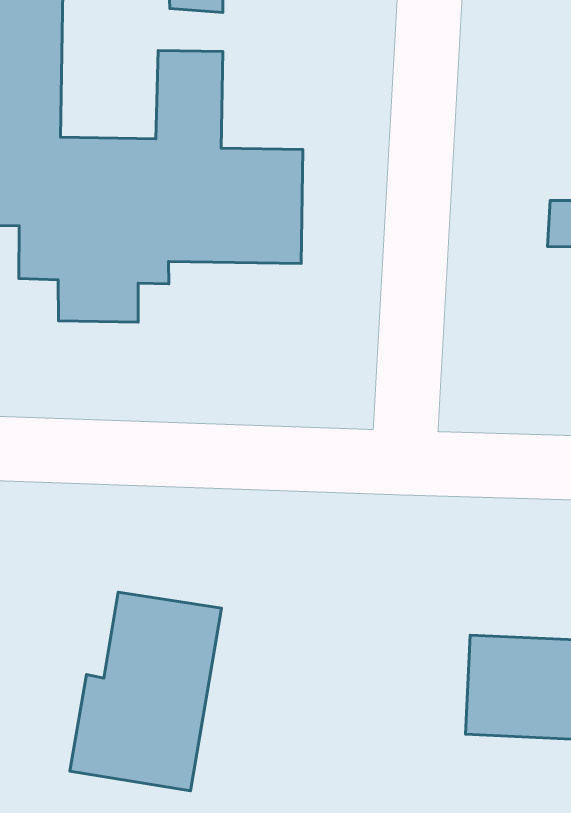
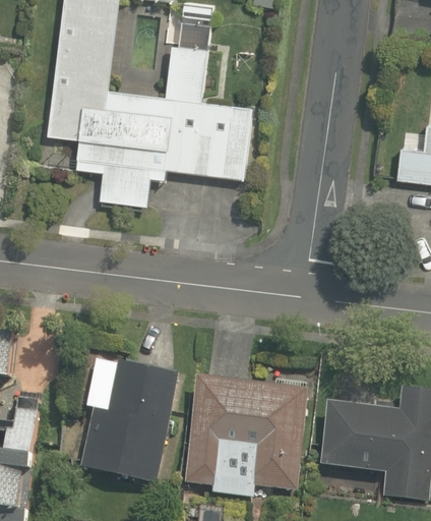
building: none -> [185,375,305,497]

